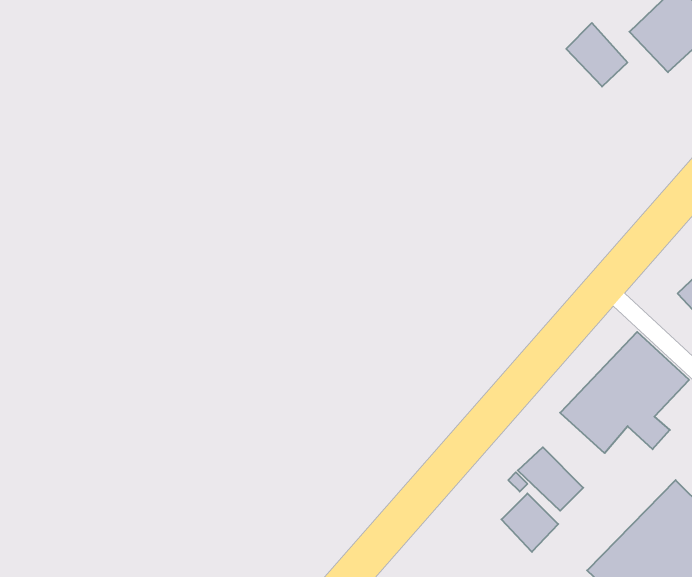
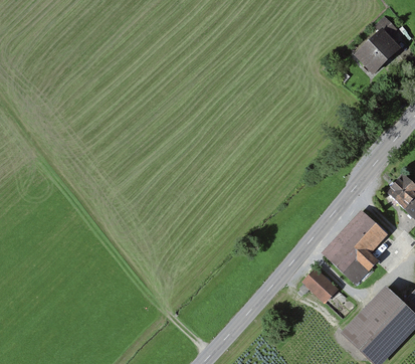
building: [566,23,627,87] -> none
building: [501,493,558,552] -> none

